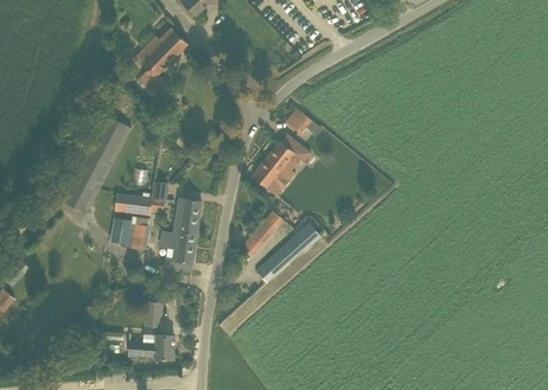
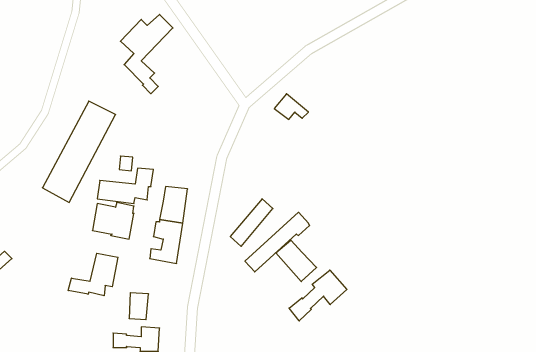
building: [253,134,308,194] -> none
building: none -> [276,240,317,282]
building: none -> [68,253,118,296]
building: none -> [289,270,347,321]

